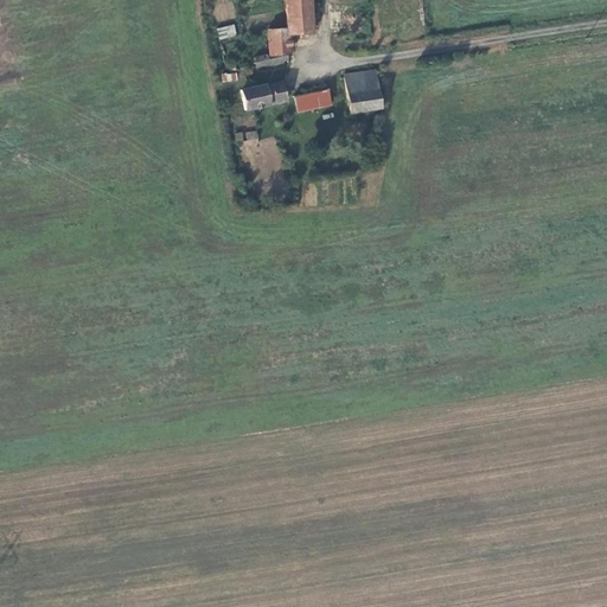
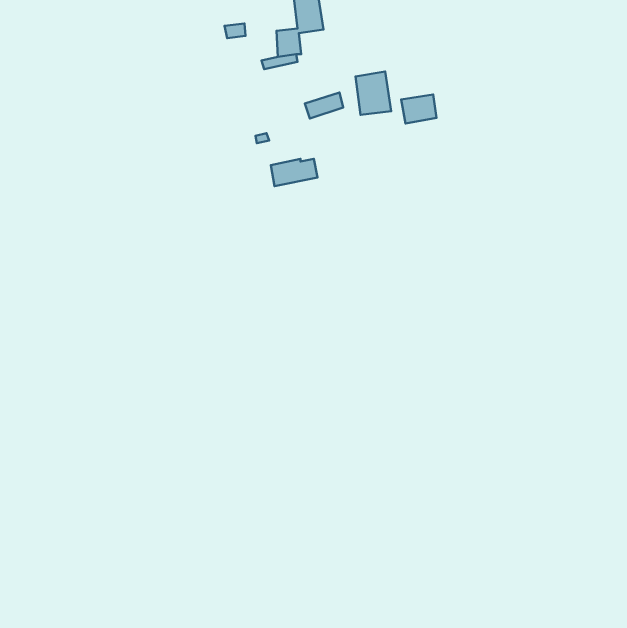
building: [243,83,288,109] -> [271,159,318,186]
building: none -> [401,95,437,123]

